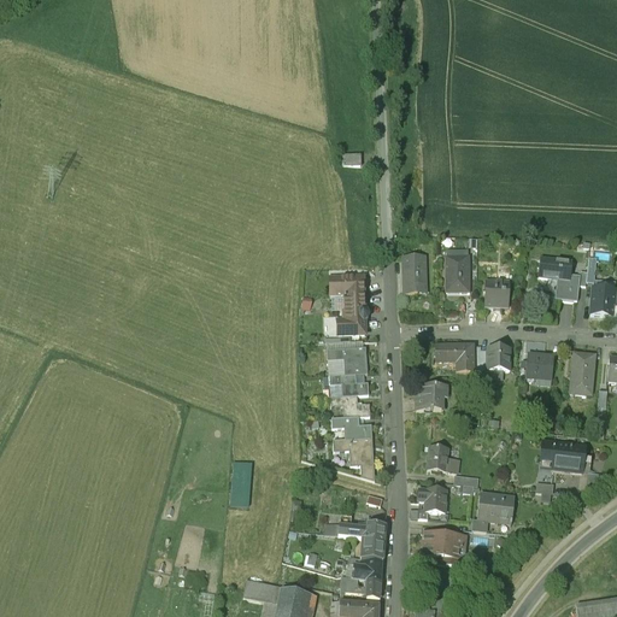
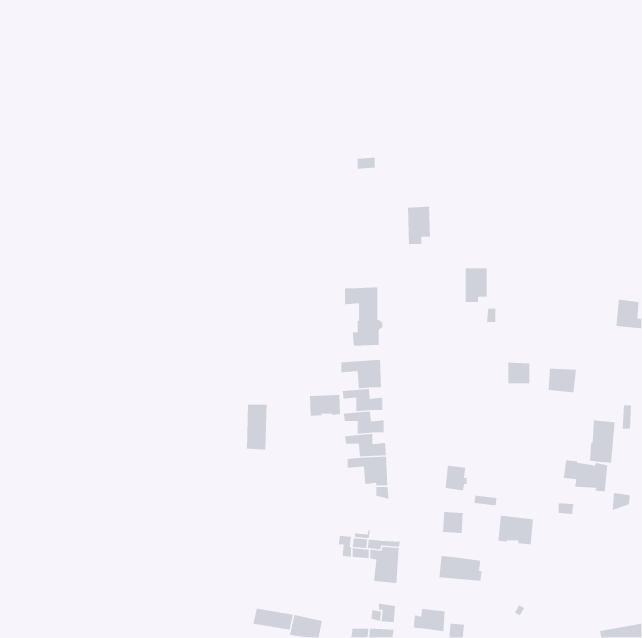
building: [402,254,425,292] -> [407,206,431,245]
building: [537,258,578,300] -> none
building: [483,282,507,307] -> none
building: [435,343,471,369] -> none
building: [569,352,594,394] -> [589,419,616,463]
building: none -> [309,394,341,416]
building: [417,384,445,410] -> none
building: [229,460,249,505] -> [246,404,267,450]
building: [349,558,381,581] -> [413,608,445,632]

